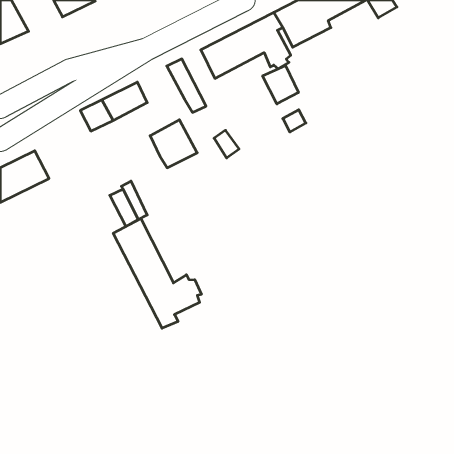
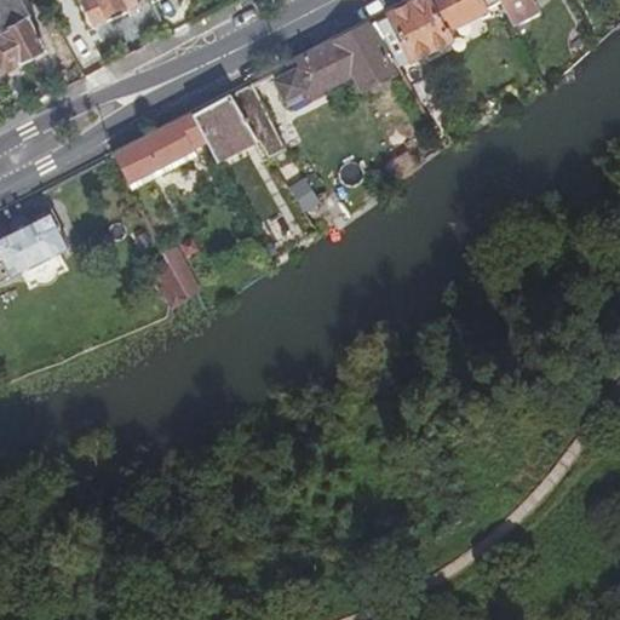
building: [263,65,298,104] -> none
building: [150,120,197,168] -> [189,92,253,157]
building: [113,218,201,328] -> none

